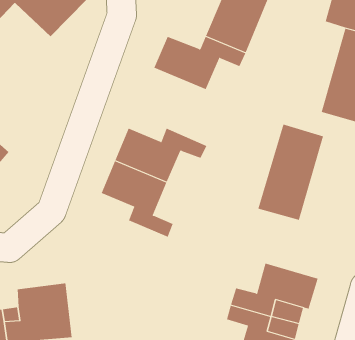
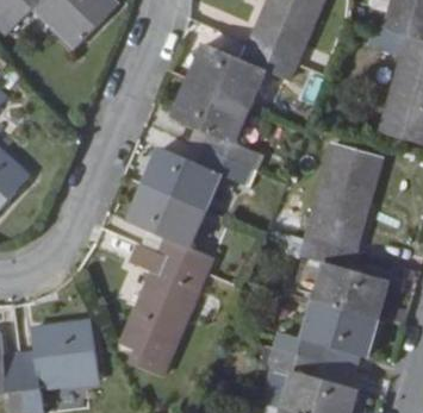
building: none -> [174,80,257,168]
building: none -> [303,239,388,318]
building: none -> [122,243,206,363]

